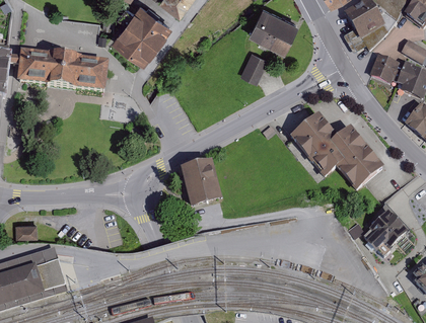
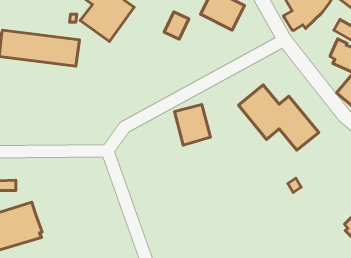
building: [239,50,268,81] -> [164,12,189,39]
building: [369,54,404,83] -> none
building: [180,161,221,208] -> [174,105,211,145]
building: [363,201,411,256] -> none

